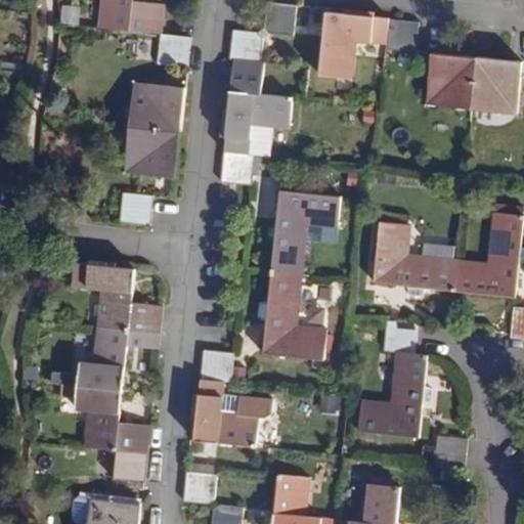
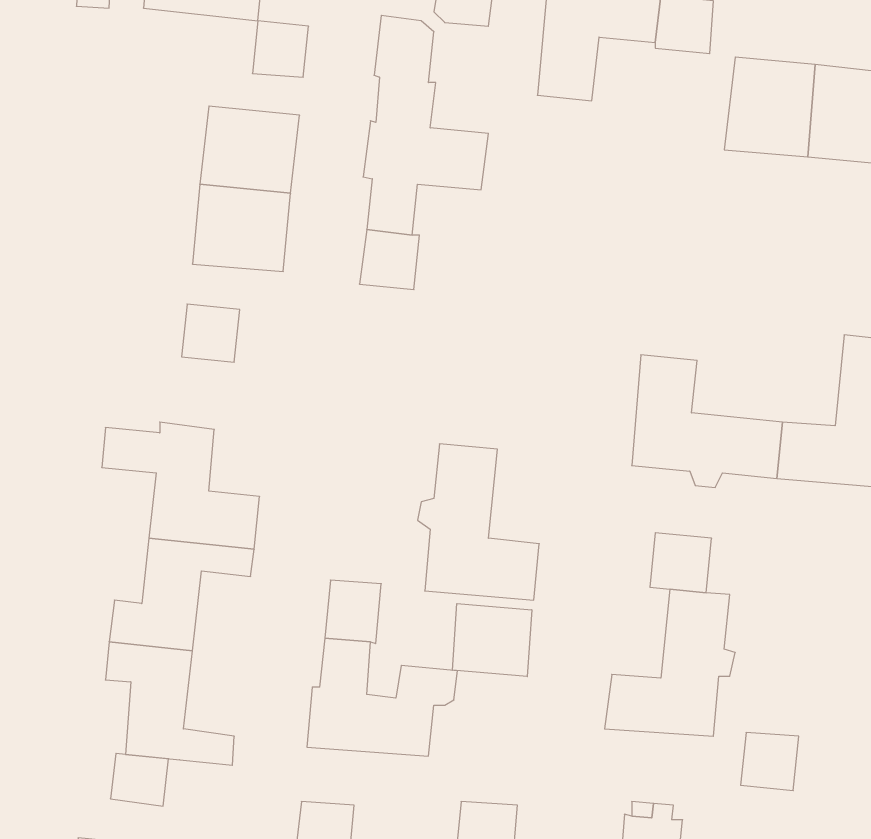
building: [260,188,334,274] -> none
building: none -> [452,604,532,677]
building: [115,449,147,479] -> [110,753,169,806]

